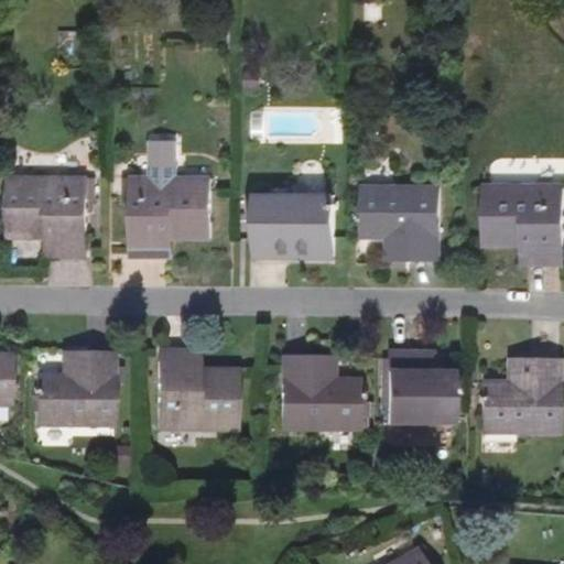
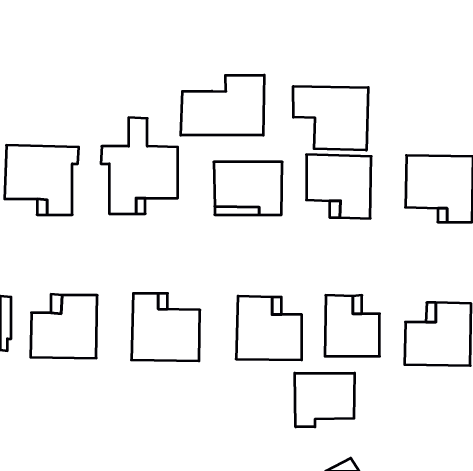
building: none -> [181,75,264,135]
building: none -> [293,86,368,150]
building: none -> [295,373,355,427]

